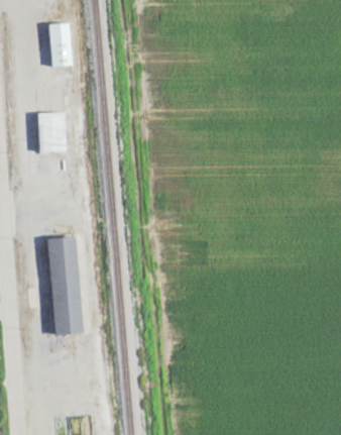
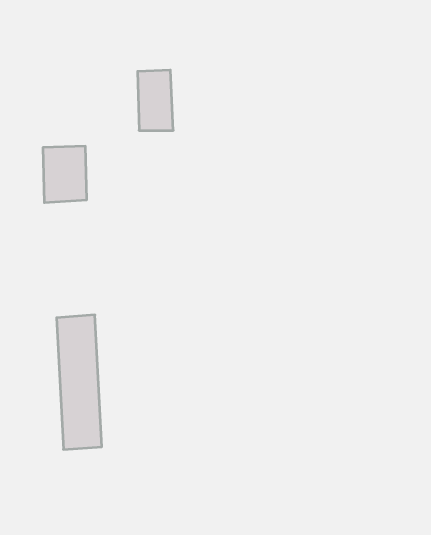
building: [49,22,76,67] -> [138,70,173,130]

